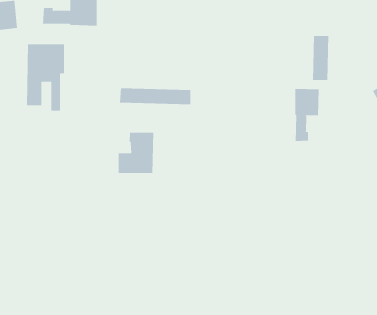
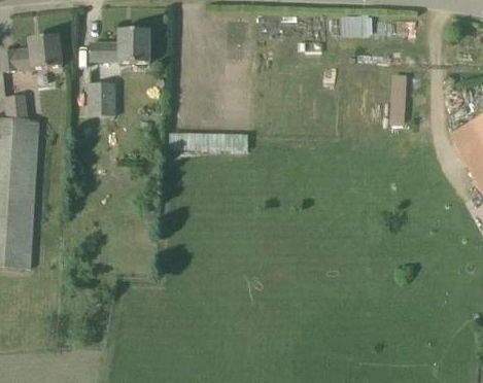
building: [295,88,319,142] -> none
building: [118,131,154,174] -> none

